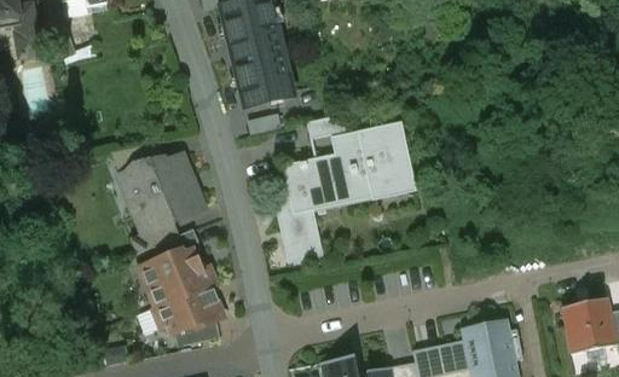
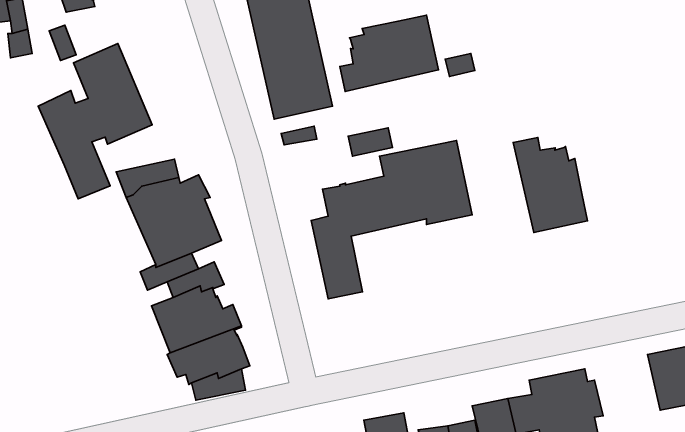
building: none -> [340,15,438,91]
building: none -> [38,44,152,199]
building: none -> [513,137,588,232]

